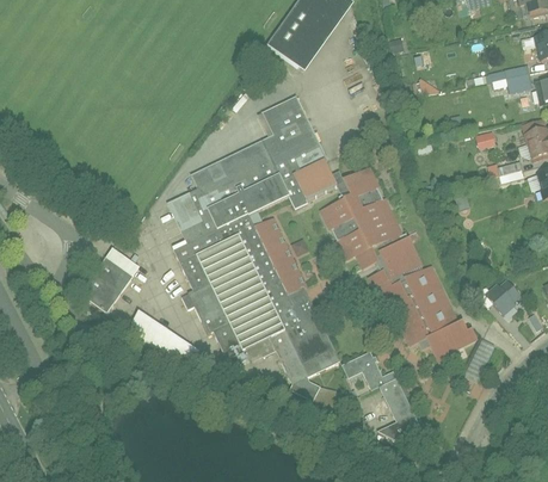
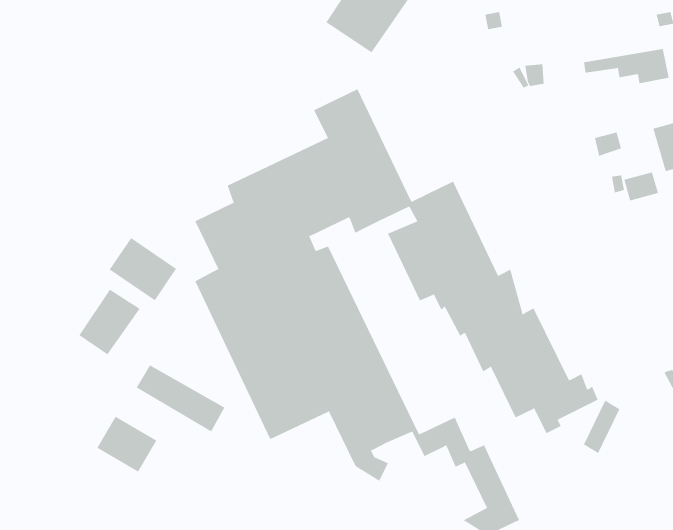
building: none -> [109,237,177,301]
building: [486,280,519,314] -> none
building: none -> [96,416,157,473]

